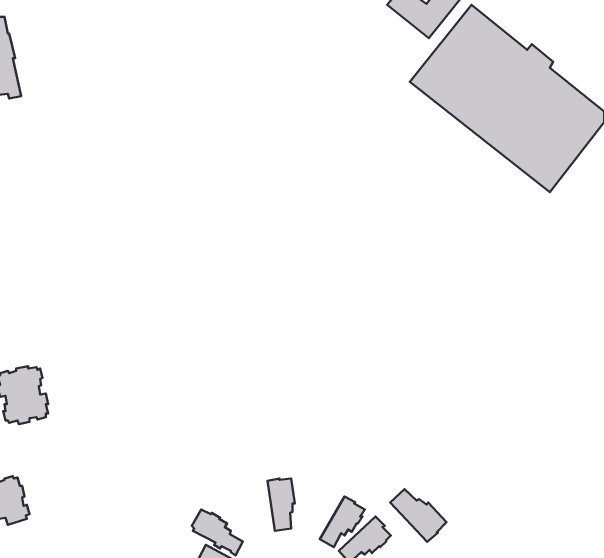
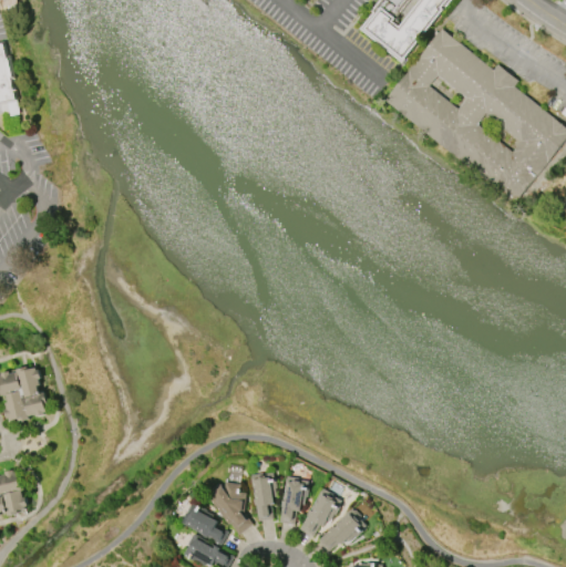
building: none -> [278,475,308,524]
building: none -> [209,481,250,533]
building: [390,489,447,542] -> none

